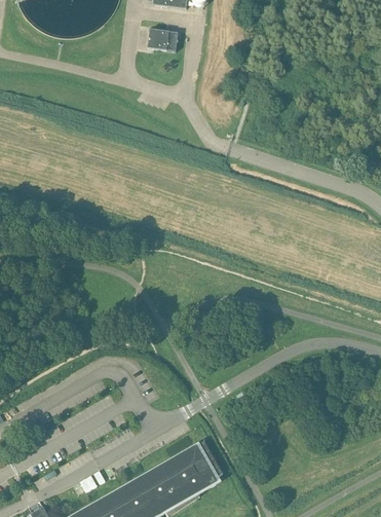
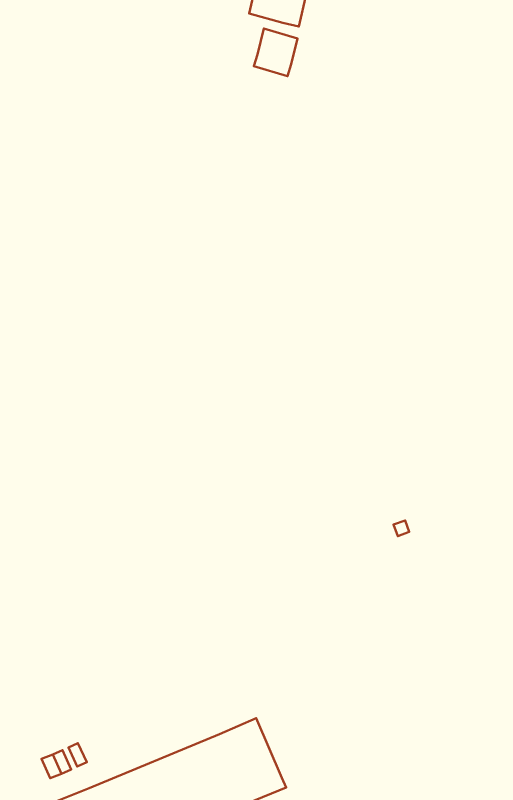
building: none -> [254,29,297,76]

